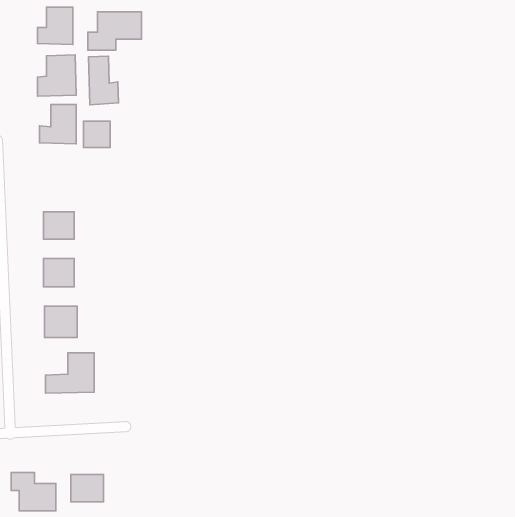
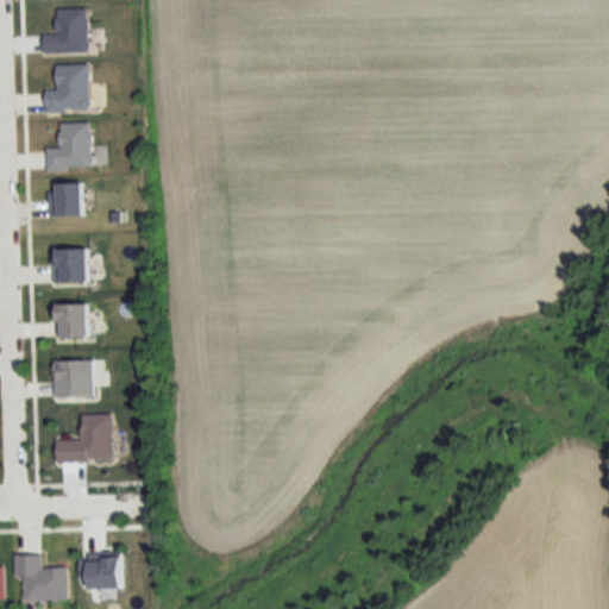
building: [88,12,142,50] -> none
building: [89,56,118,105] -> none
building: [84,121,110,148] -> [50,183,81,214]

